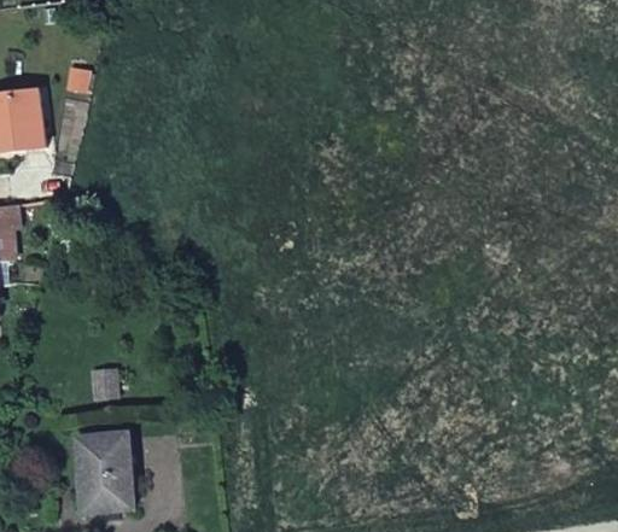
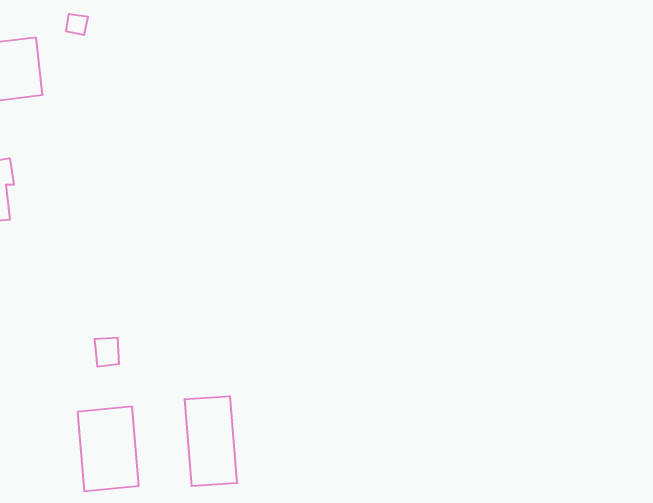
building: none -> [185,396,237,486]

